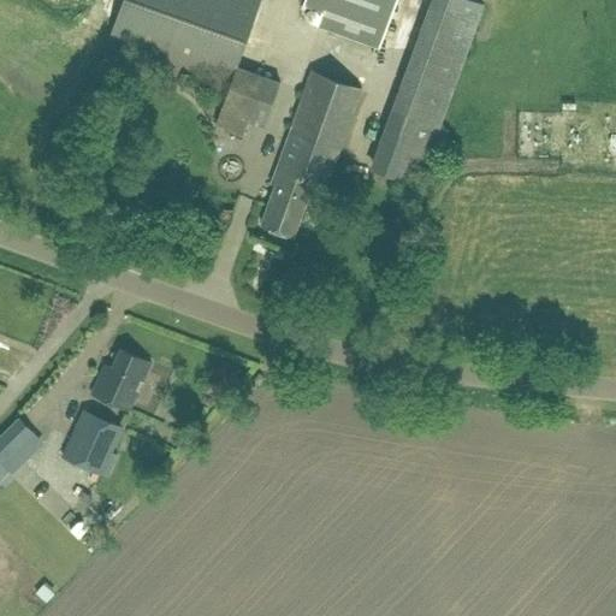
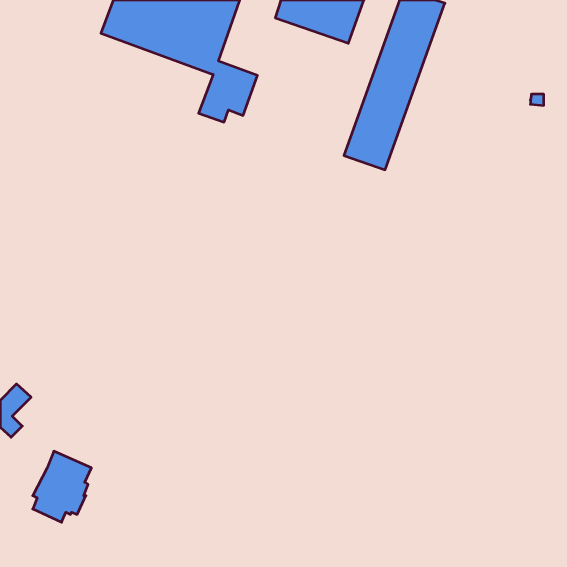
building: [261,72,361,236] -> none
building: [90,348,150,410] -> none
building: [60,408,124,485] -> [33,451,91,522]

